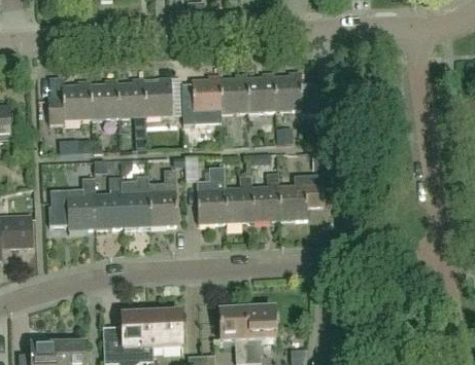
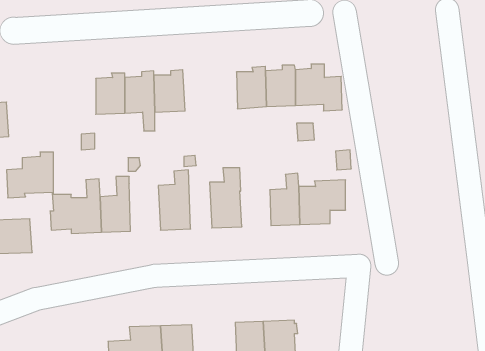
building: [192,75,222,124] -> none
building: [47,81,91,123] -> [7,152,53,198]
building: [224,176,252,222] -> none
building: [122,177,150,226] -> none

